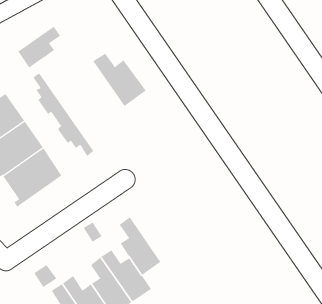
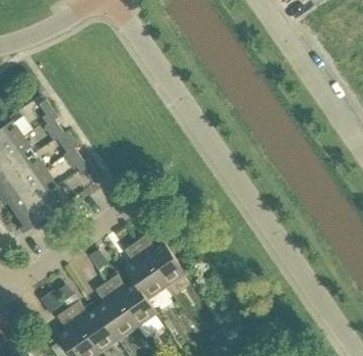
building: [18,26,61,68] -> none
building: [92,53,146,107] -> none
building: none -> [135,236,185,288]

